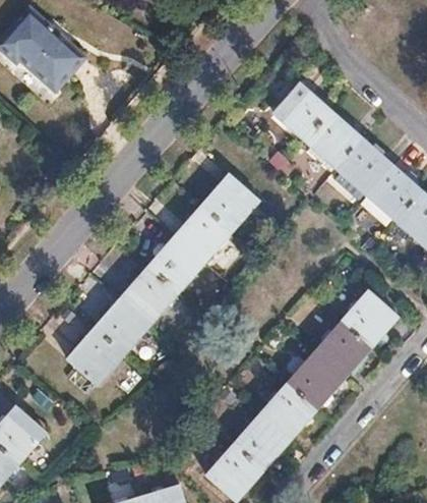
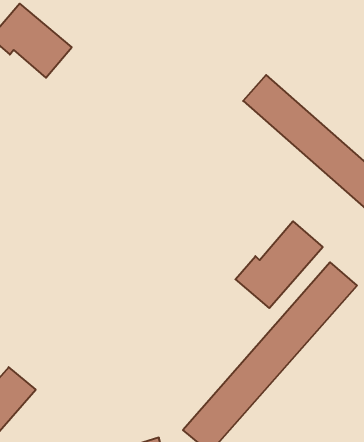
building: [67,174,258,384] -> none
building: none -> [235,221,323,308]

